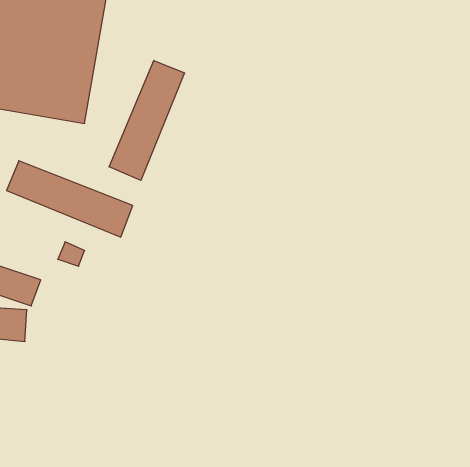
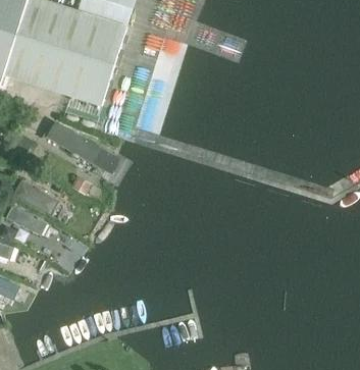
building: [109,60,185,180] -> none

